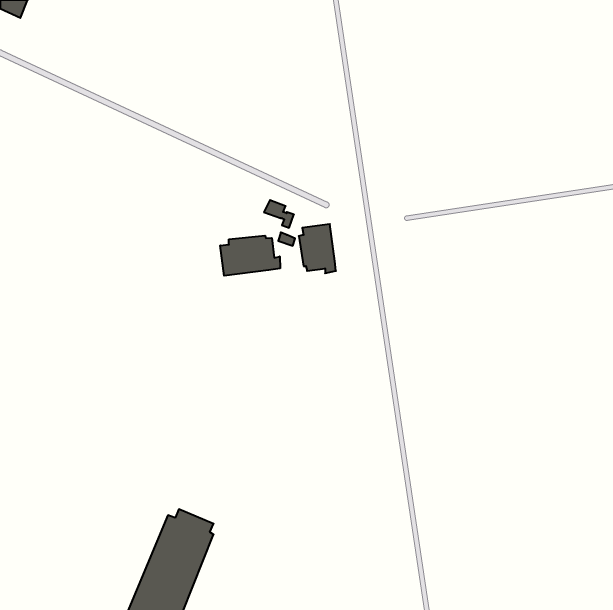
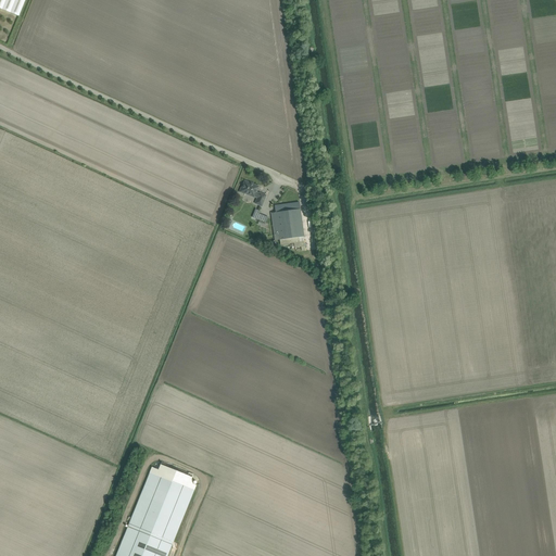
building: [220,236,280,276] -> none

